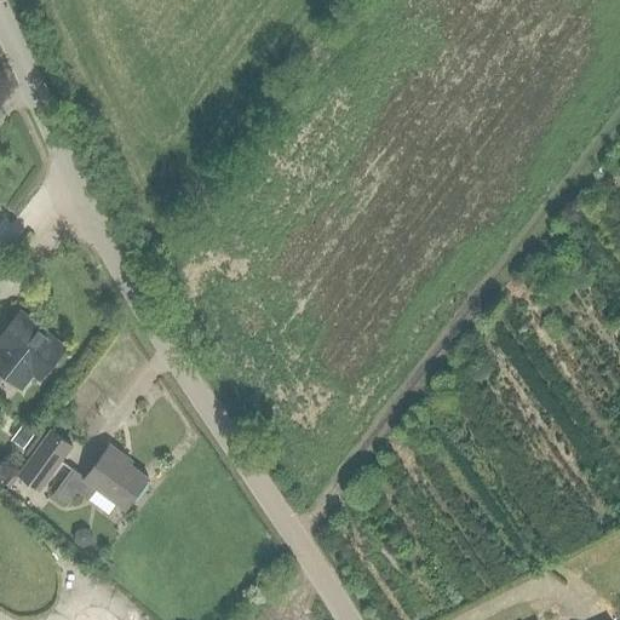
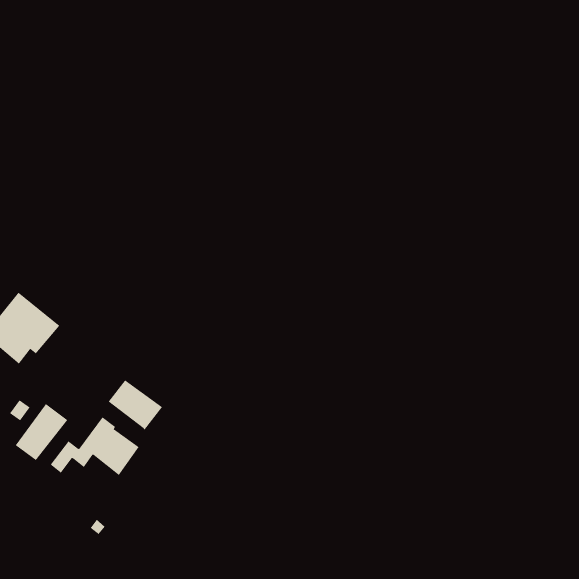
building: none -> [108,379,163,431]

